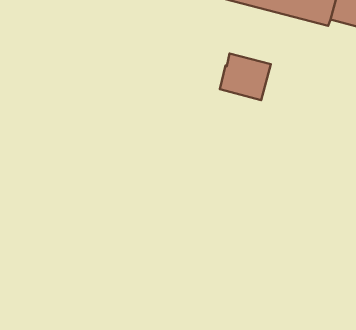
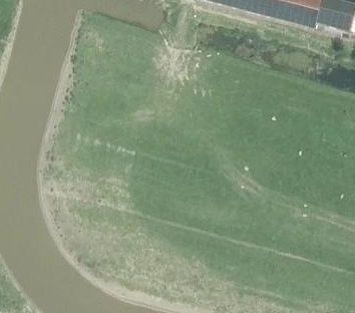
building: [220,53,271,100] -> none

